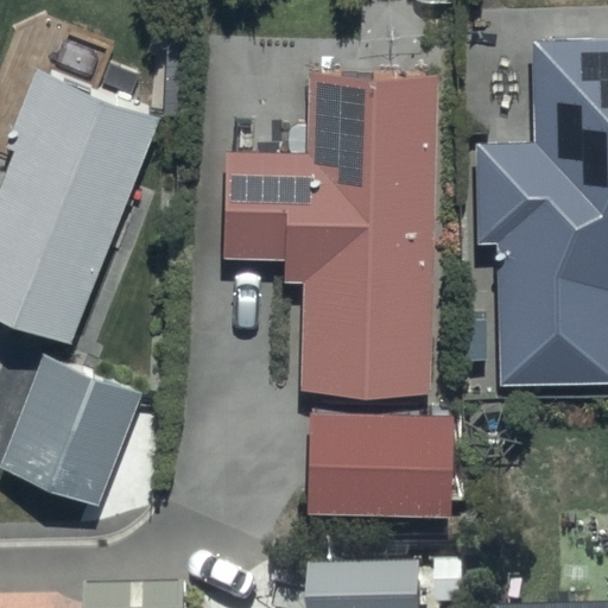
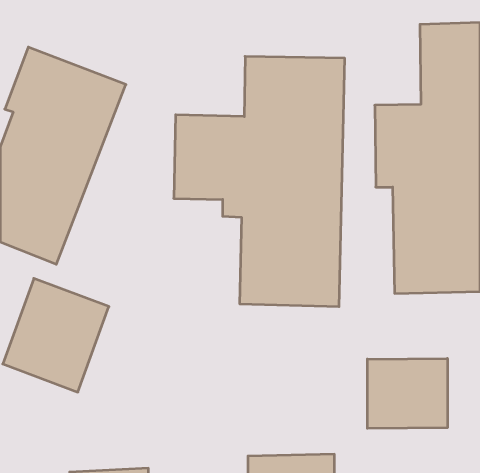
building: [303,414,449,519] -> none
building: none -> [367,358,447,428]

